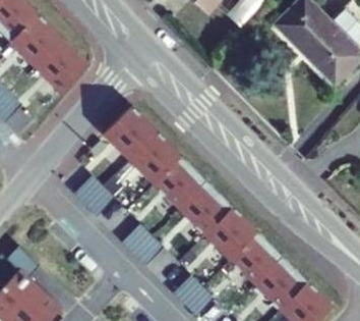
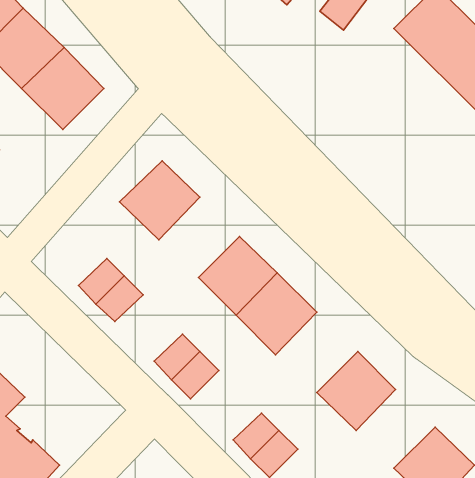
building: [125,135,177,186] -> none
building: [200,209,253,261] -> none
building: [252,259,303,310] -> none

